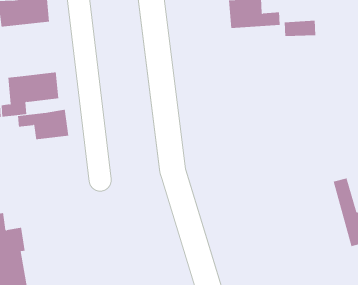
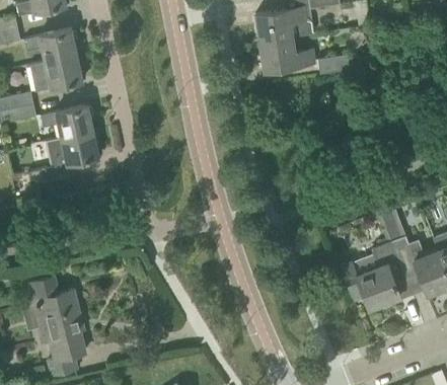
building: [17,109,69,140] -> [40,104,93,138]
building: none -> [340,213,404,308]

